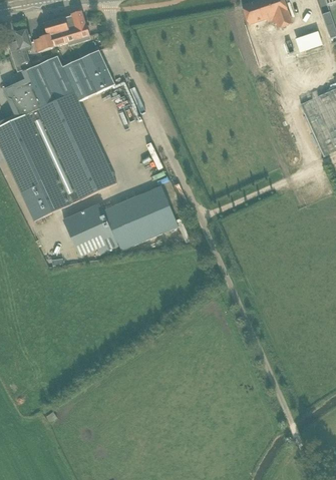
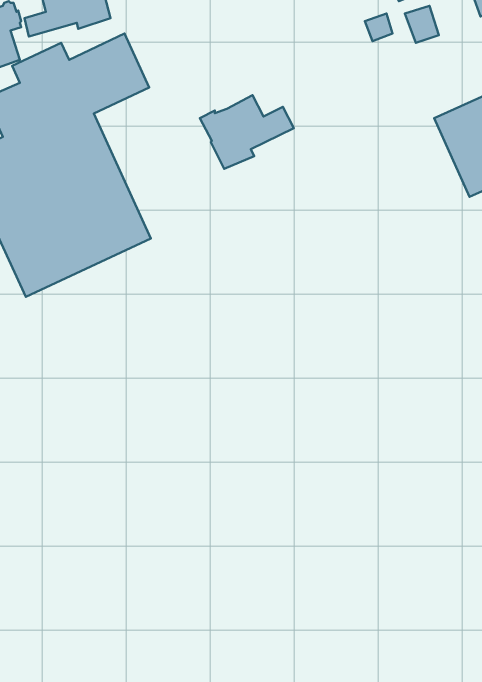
building: none -> [200,95,294,169]
building: [64,184,179,256] -> none

